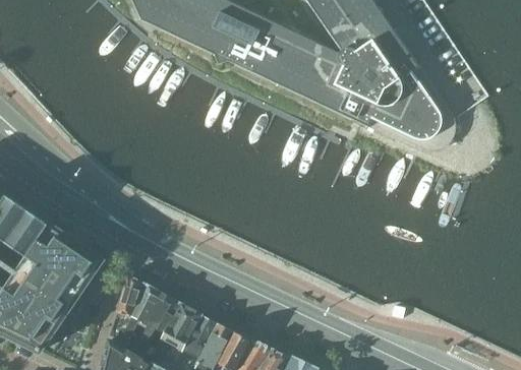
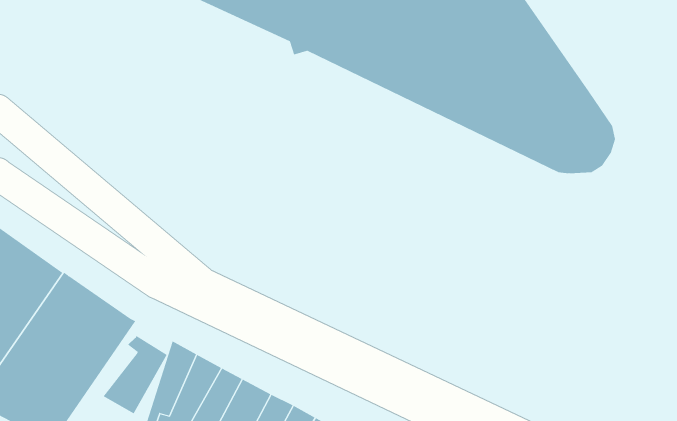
building: none -> [103,335,168,414]

